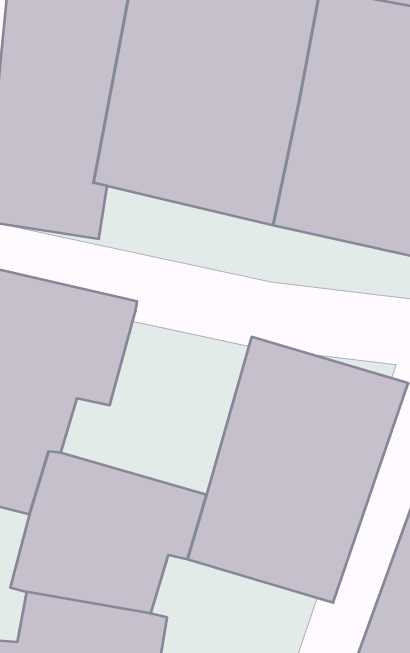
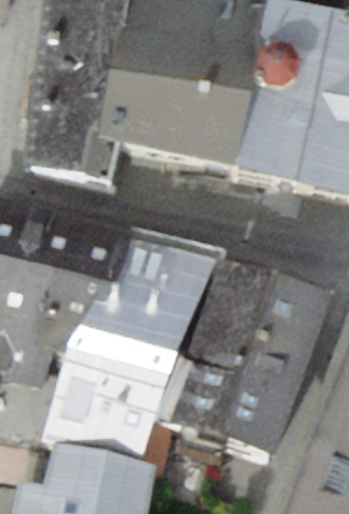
building: none -> [78,236,219,372]

